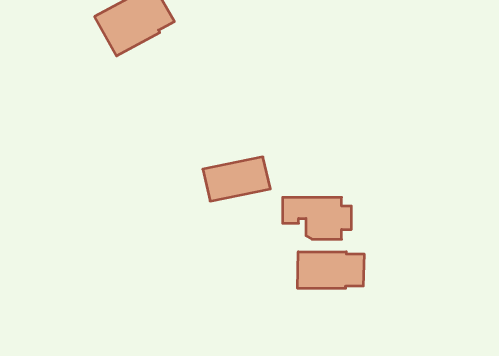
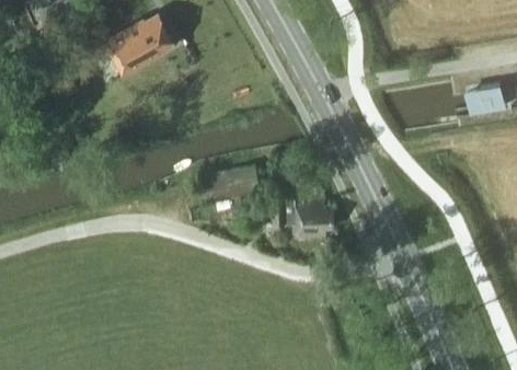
building: [298,252,364,288] -> none

